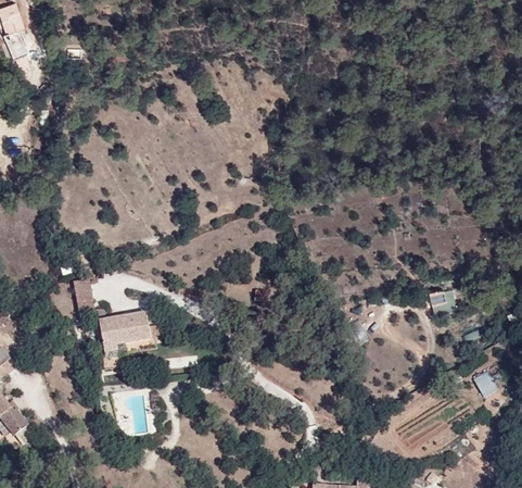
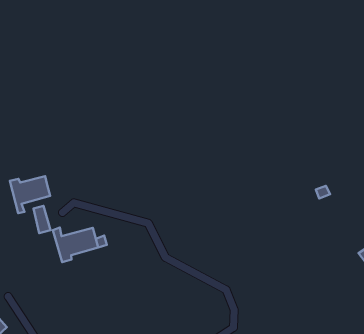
building: none -> [10,176,50,213]

